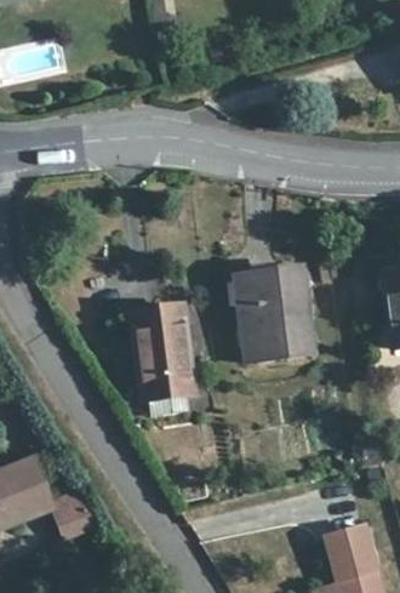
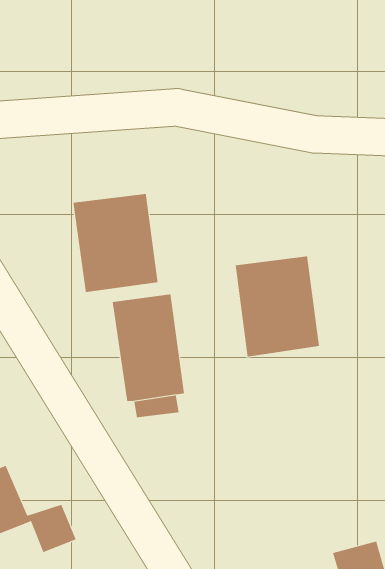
building: none -> [73,193,158,293]

